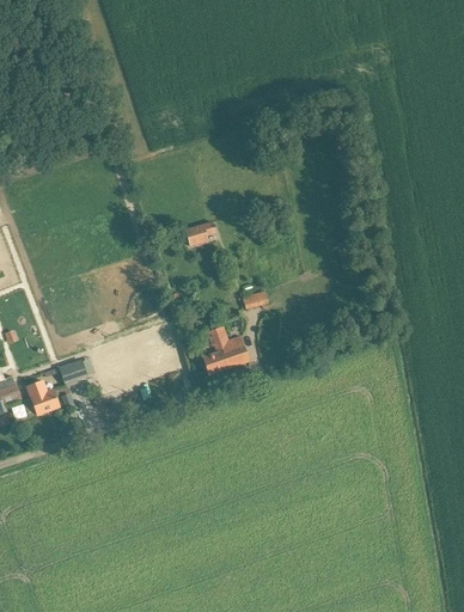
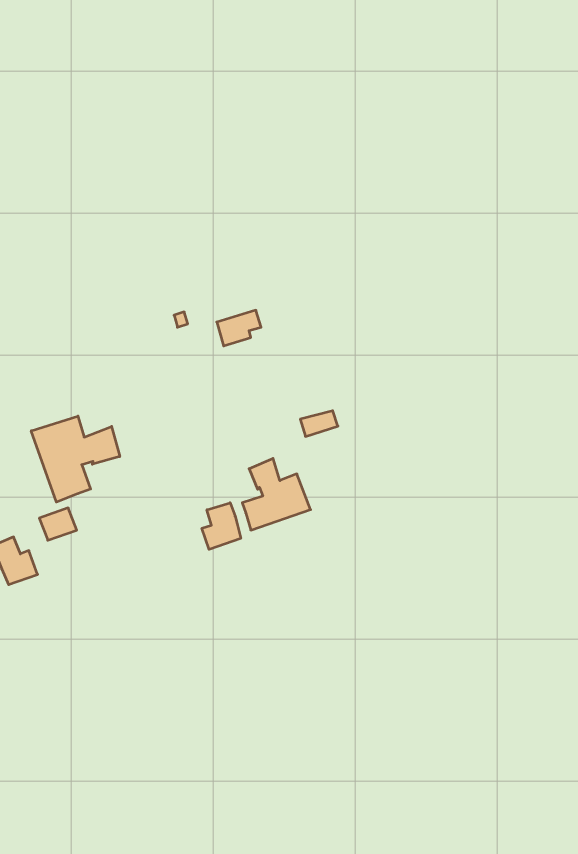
building: none -> [31,416,120,502]
building: none -> [202,503,241,549]

